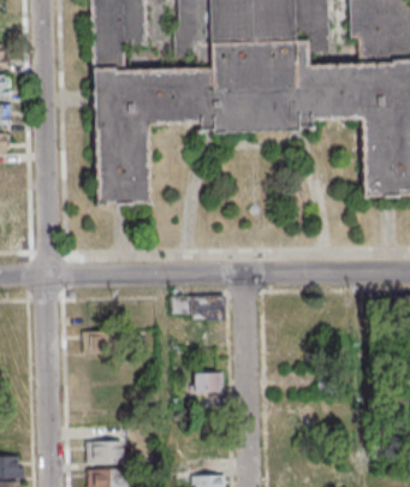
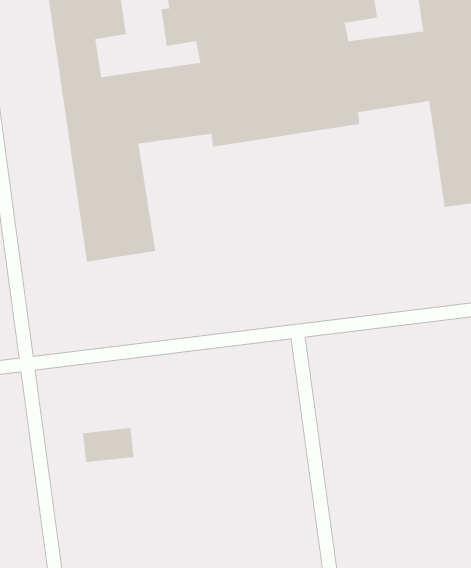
building: [177,296,225,320] -> none
building: [192,374,222,393] -> none

